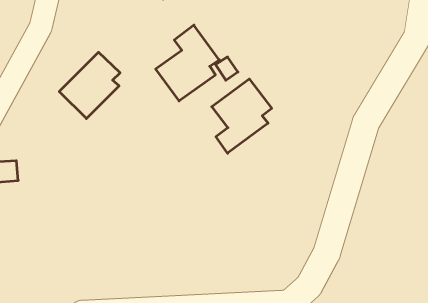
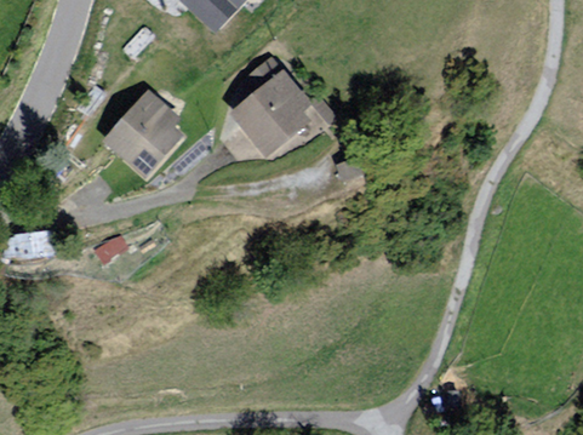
building: [212,79,272,153] -> none

